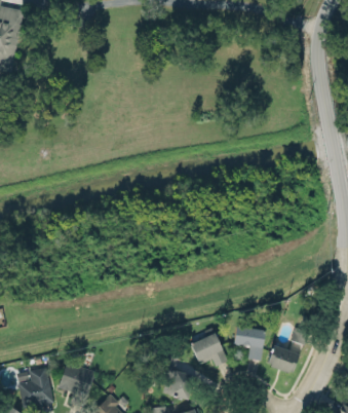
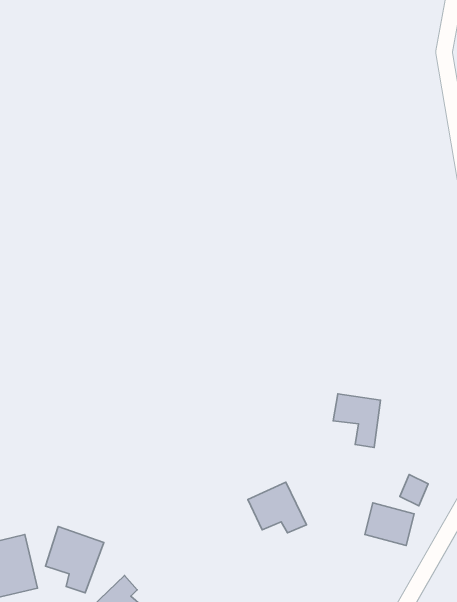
building: [234,326,265,361] -> [333,394,381,448]
building: [168,371,195,402] -> none

